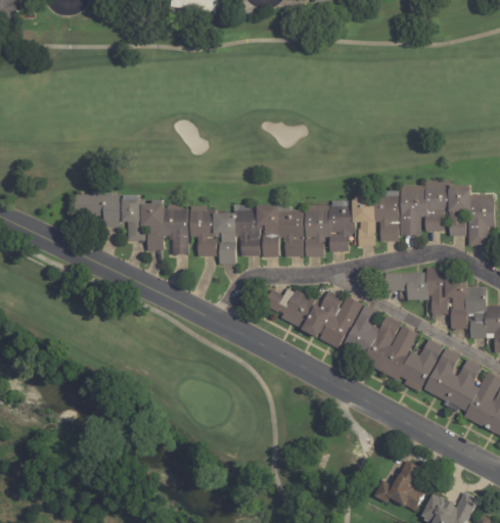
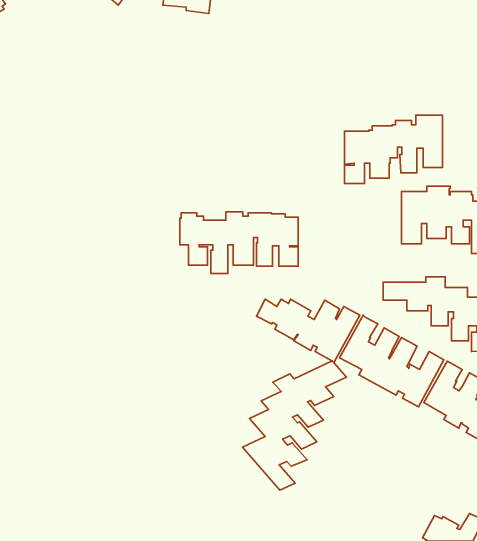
building: [75,190,188,254] -> none
building: [305,190,399,255] -> [344,115,442,183]
building: none -> [242,361,346,490]
building: [373,461,425,512] -> none

